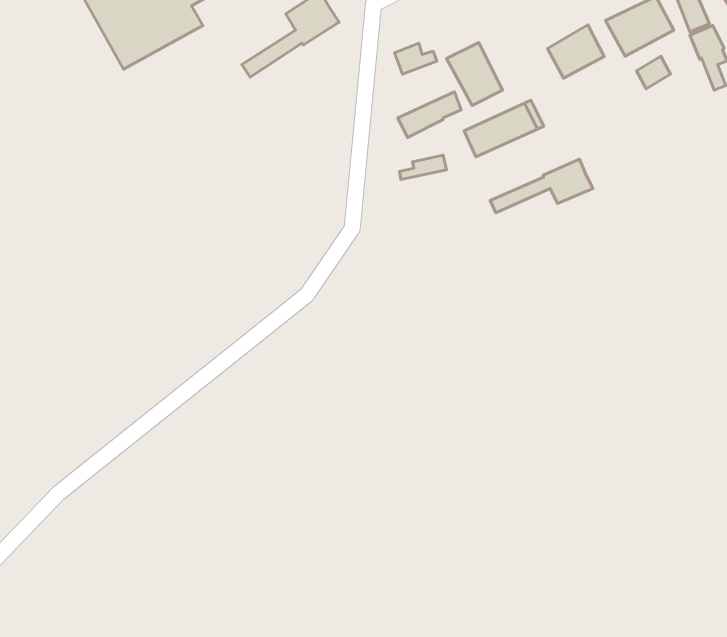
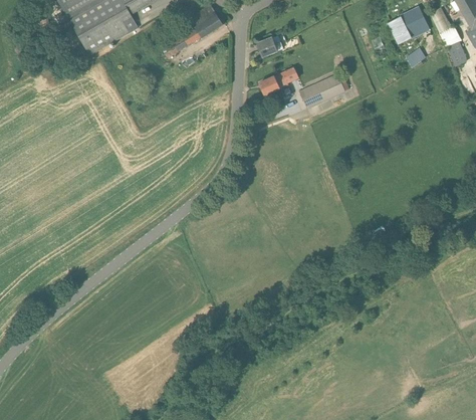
building: [548,25,604,78] -> none
building: [447,43,503,106] -> none
building: [490,159,593,213] -> none

